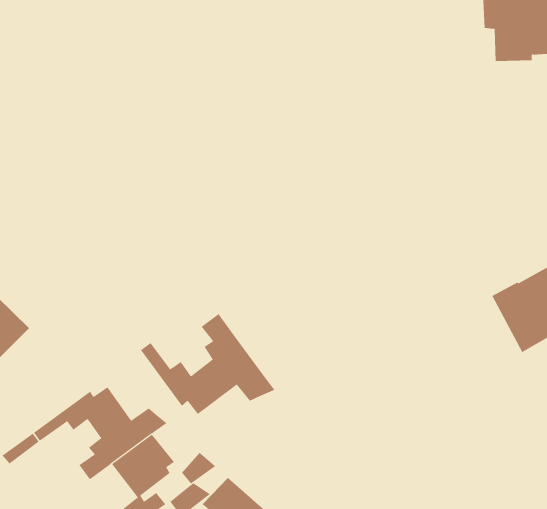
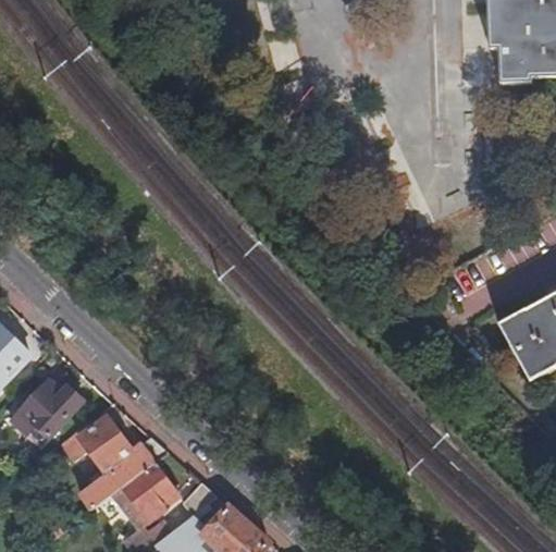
building: [140,313,275,415] -> none
building: none -> [16,383,85,438]

